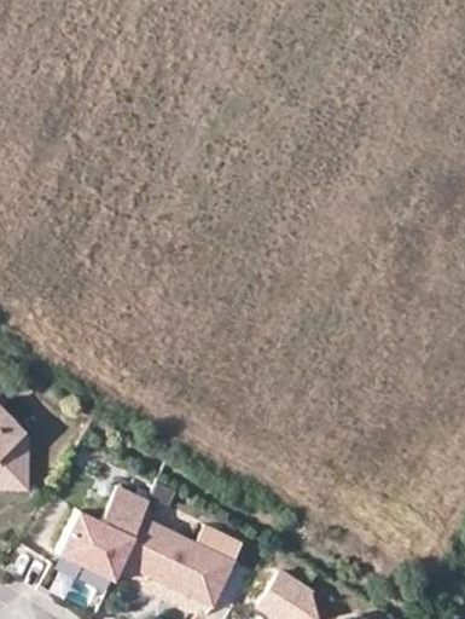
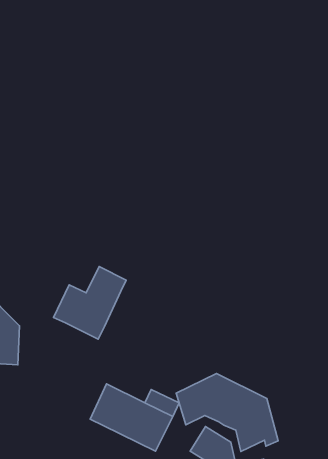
building: [58,485,155,582] -> [54,267,126,339]
building: none -> [176,373,278,451]

